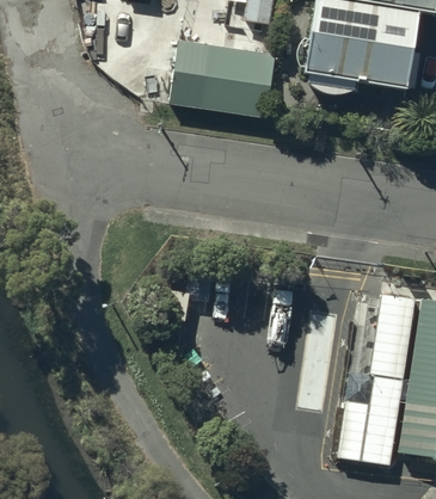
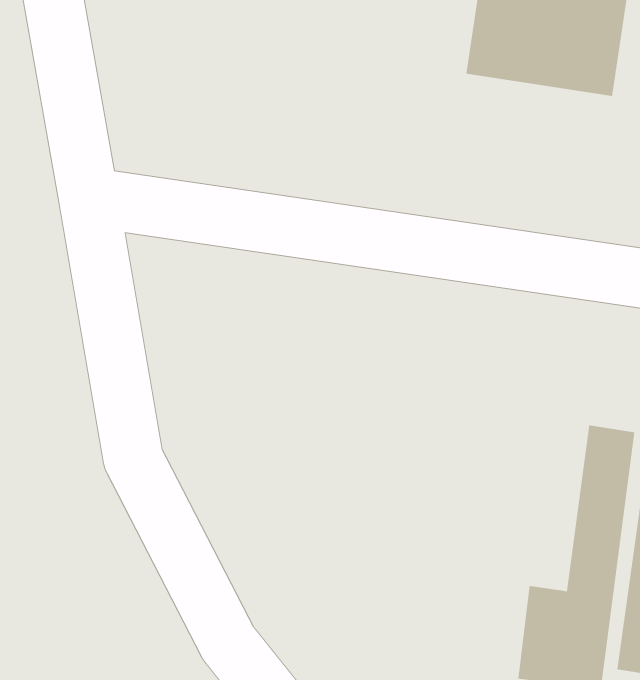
building: [171,39,276,119] -> none

